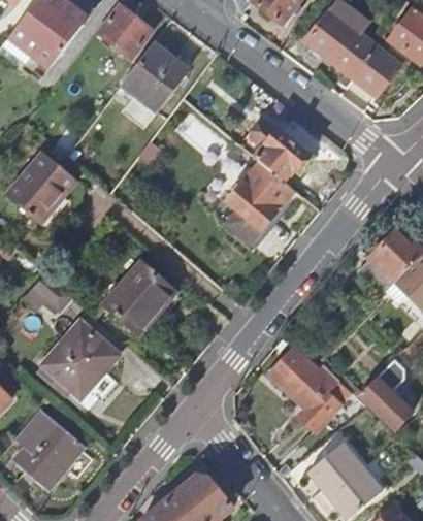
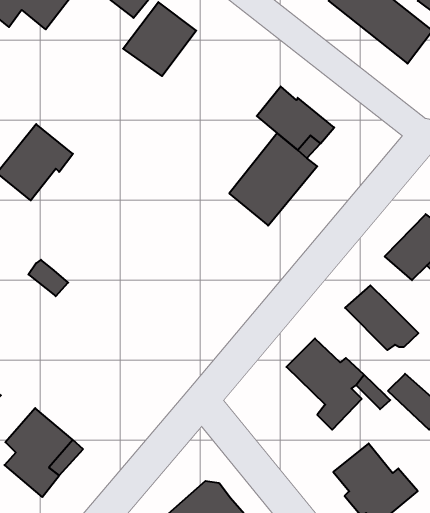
building: [102,260,173,331] -> none
building: none -> [345,285,418,350]
building: [38,320,120,397] -> none

